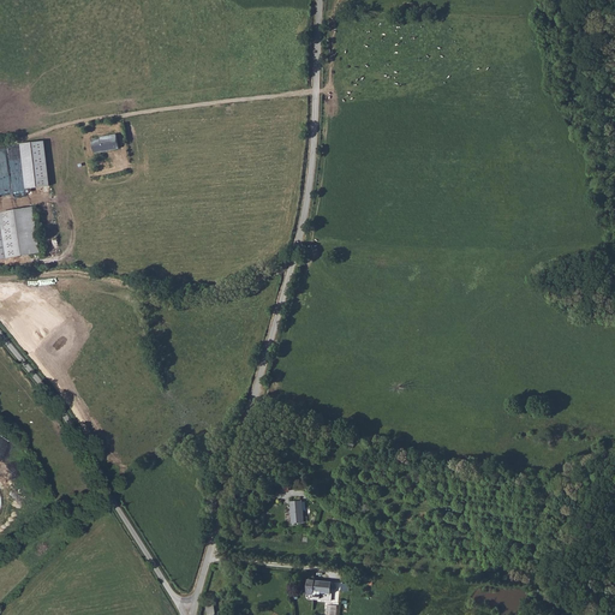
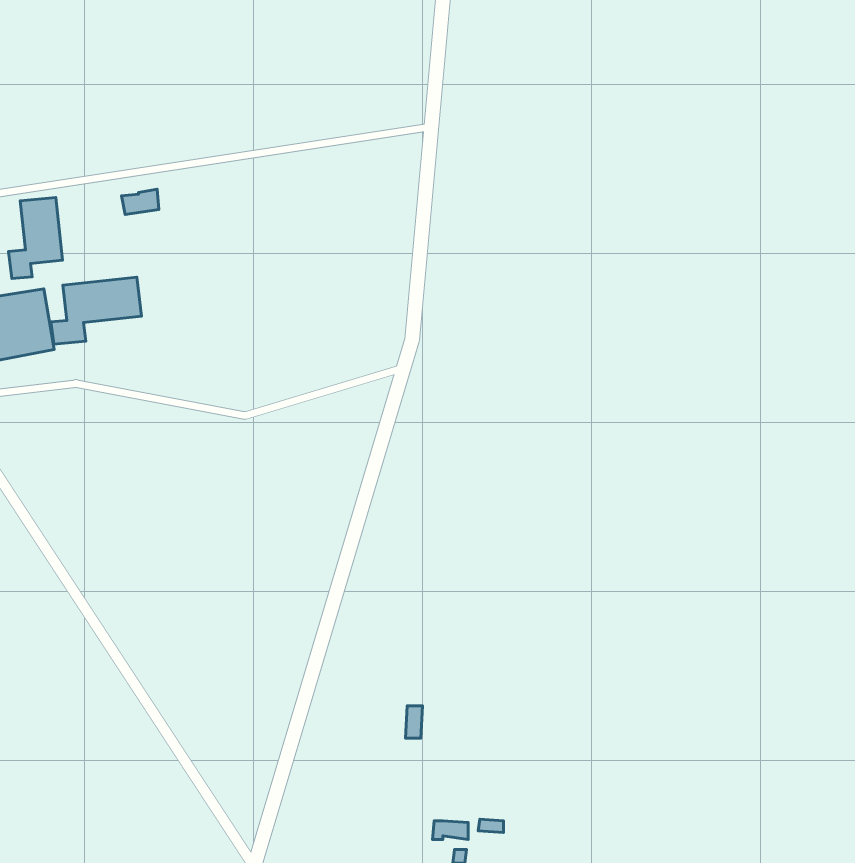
building: none -> [51,277,142,344]

